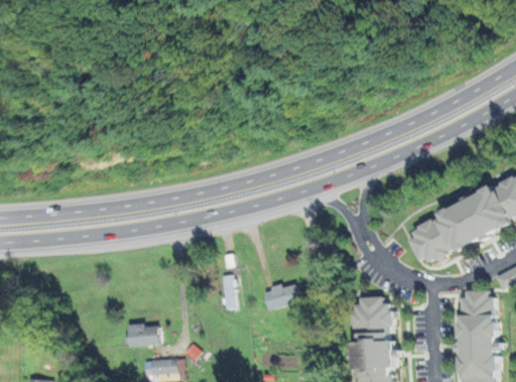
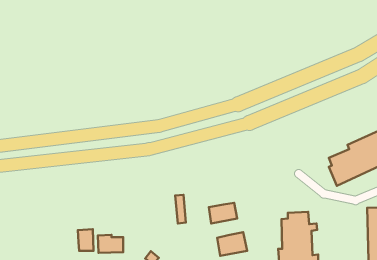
building: none -> [78,229,94,251]
building: none -> [217,232,247,256]

